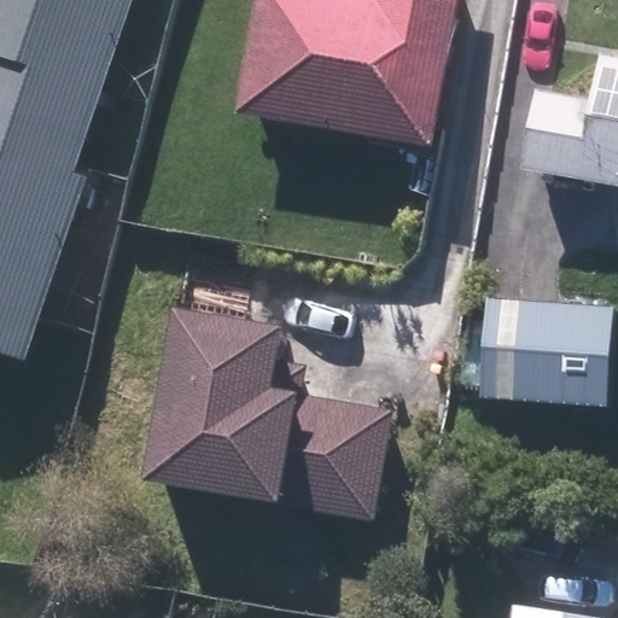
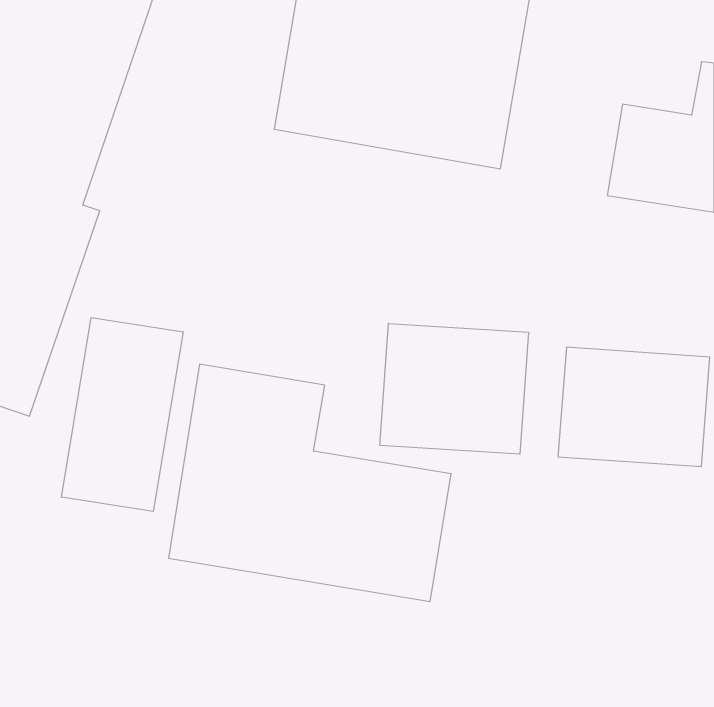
building: none -> [61,318,183,511]
building: none -> [380,323,528,454]

